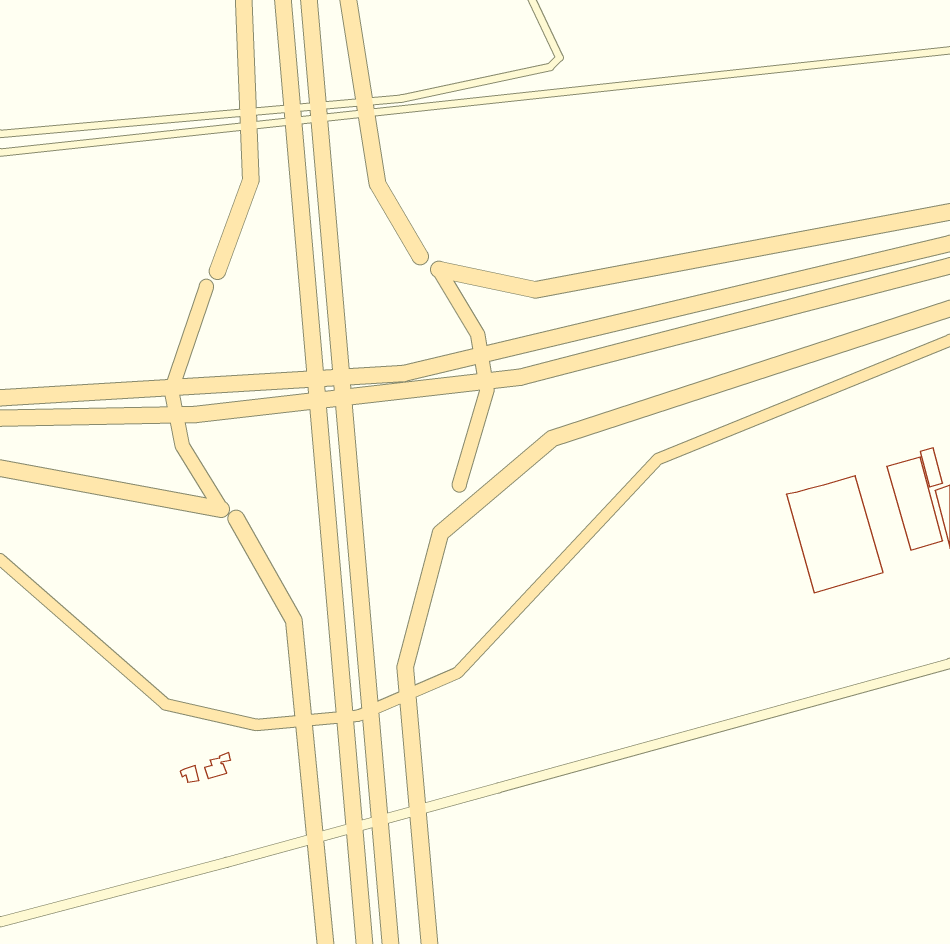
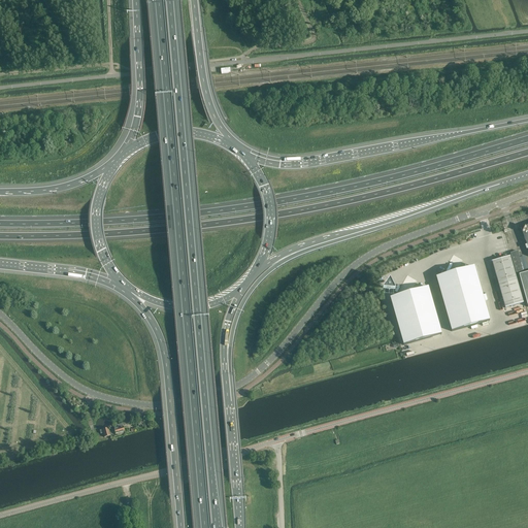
building: none -> [390,285,441,342]

